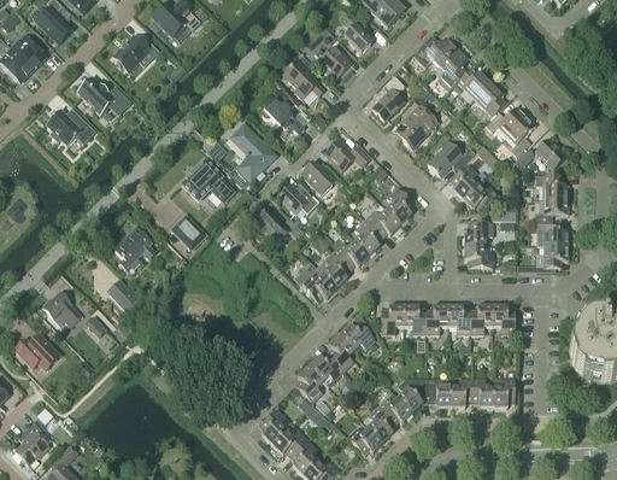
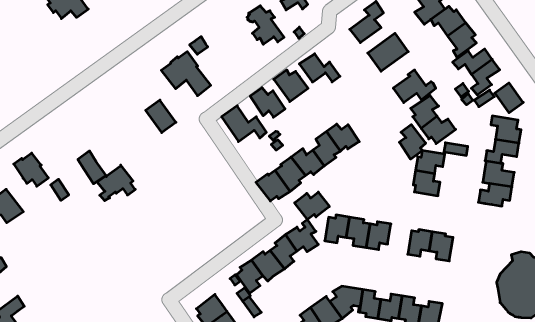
building: [230,122,276,178] -> none
building: [387,188,415,224] -> [399,125,426,159]
building: [114,228,155,268] -> [97,165,135,201]
building: none -> [295,192,329,220]
building: [448,303,471,334] -> none

